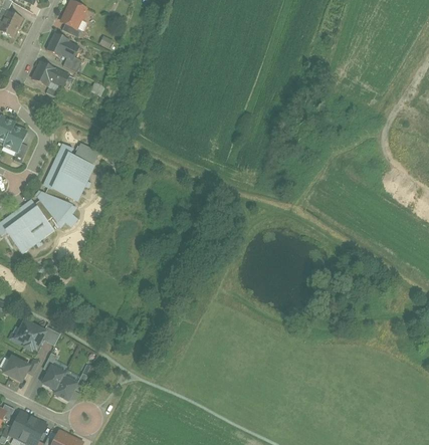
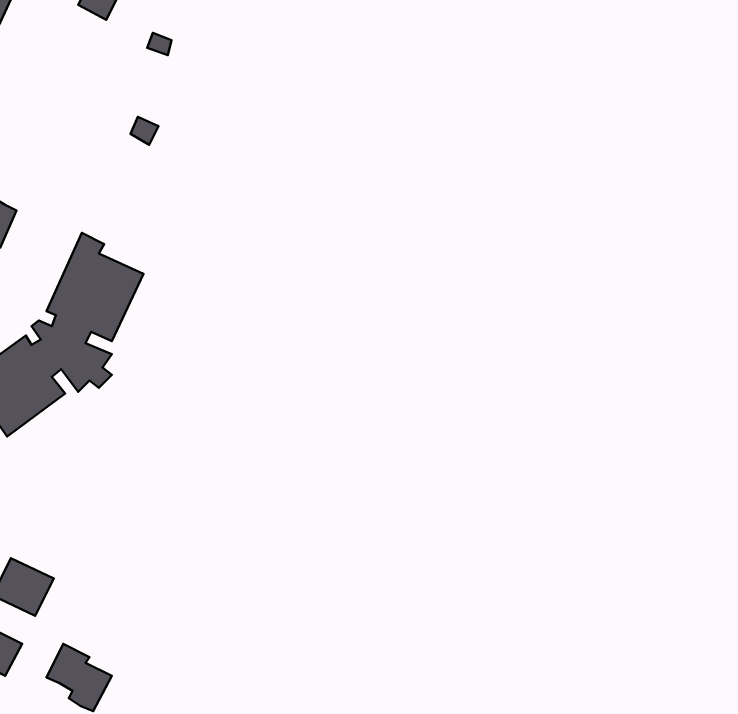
building: [48,35,79,60] -> none
building: [33,62,69,87] -> none

